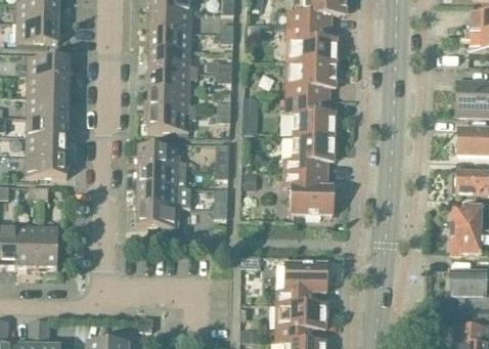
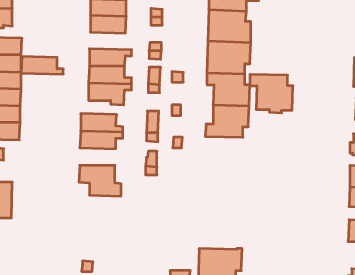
building: [148,50,197,71] -> [21,57,63,74]
building: [283,172,334,217] -> [250,74,293,113]
building: [137,185,179,206] -> none
building: [276,259,326,304] -> none

